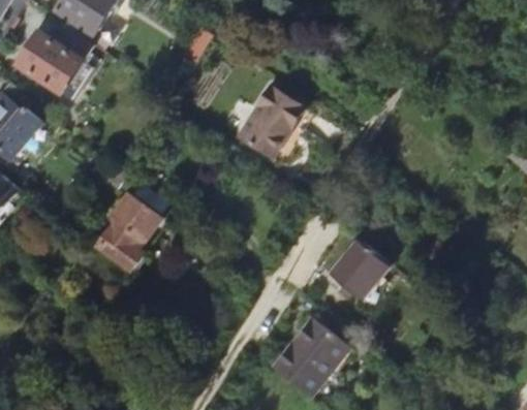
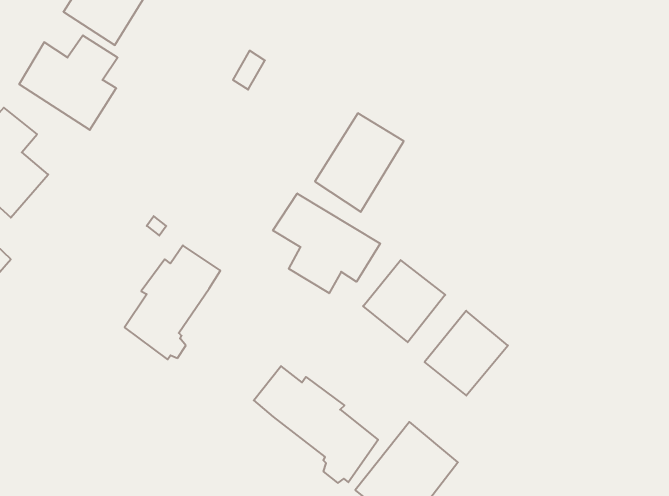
building: none -> [273,193,380,293]
building: none -> [363,260,445,342]
building: none -> [254,366,378,483]

